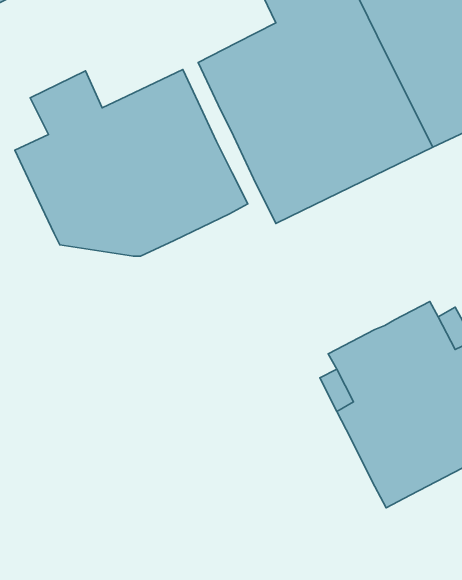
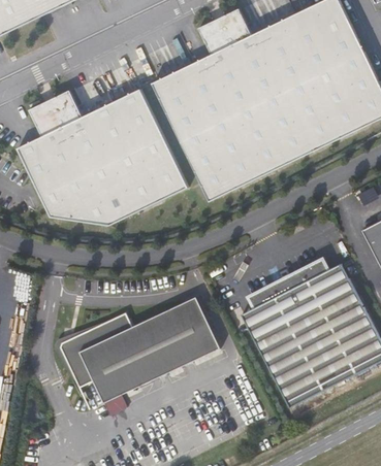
building: none -> [58,296,219,403]

